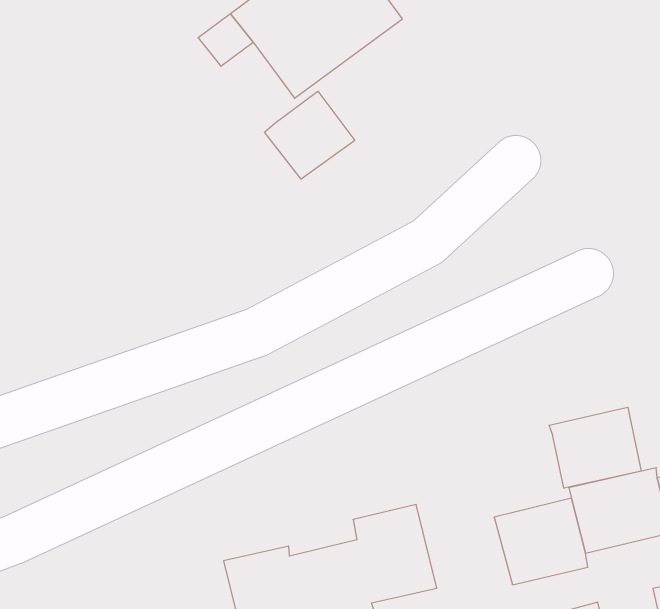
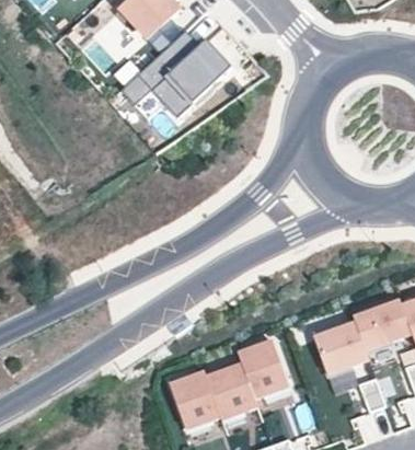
building: [265,91,355,179] -> none
building: [549,407,641,488] -> none

